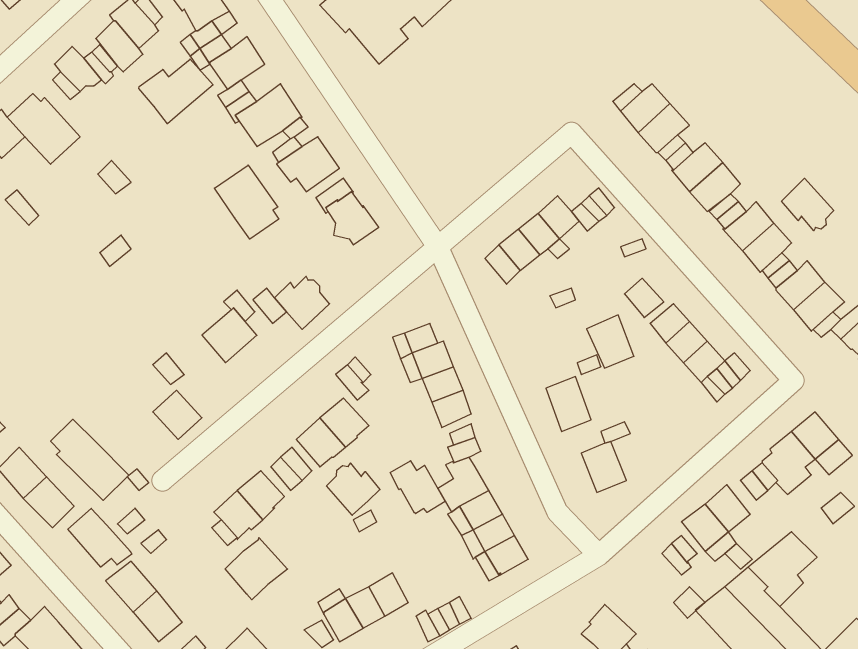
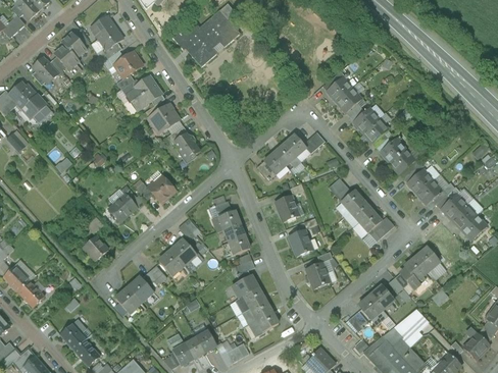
building: [139,59,213,124] -> none
building: [214,165,279,239] -> none
building: [782,178,834,231] -> none
building: [587,315,634,368] -> [273,194,298,221]
building: [51,419,129,500] -> none
building: [390,461,445,514] -> none
building: [327,463,380,515] -> none
building: [68,508,132,567] -> none
building: [225,538,288,600] -> none

